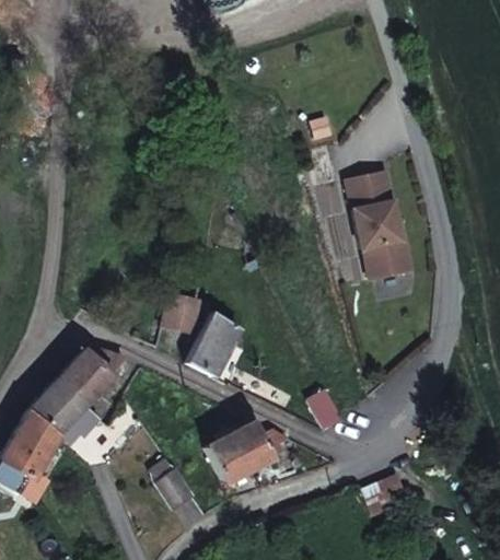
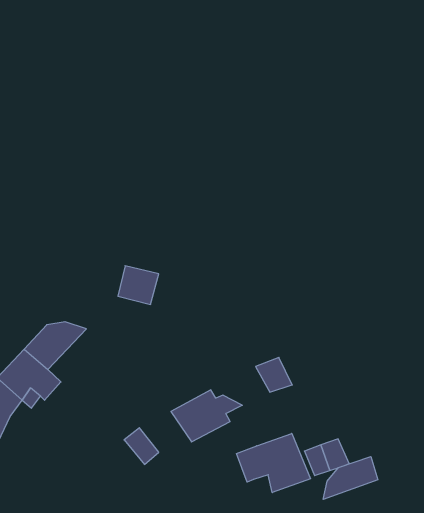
building: [349,170,415,278] -> none
building: [183,312,236,377] -> none
building: none -> [237,433,310,493]
building: none -> [323,457,378,499]

